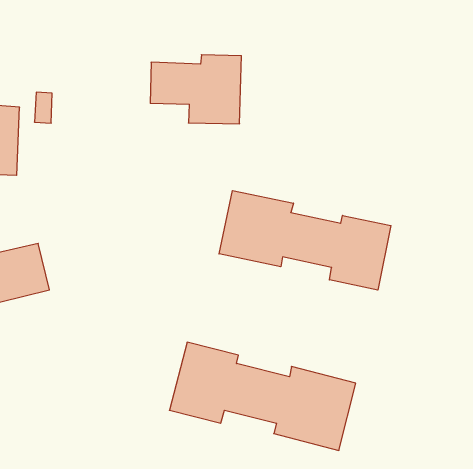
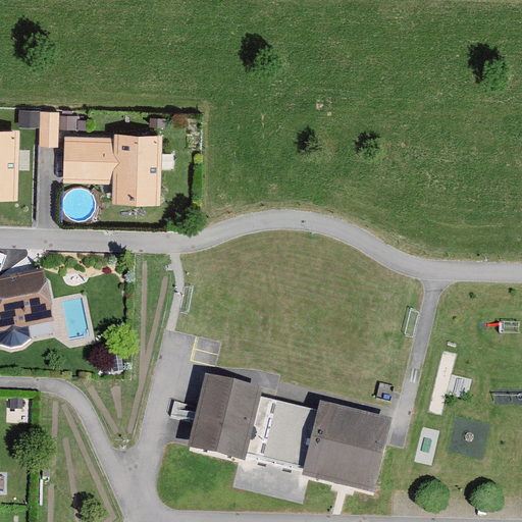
building: [150,55,241,124] -> [62,123,162,199]
building: [219,191,391,290] -> none

